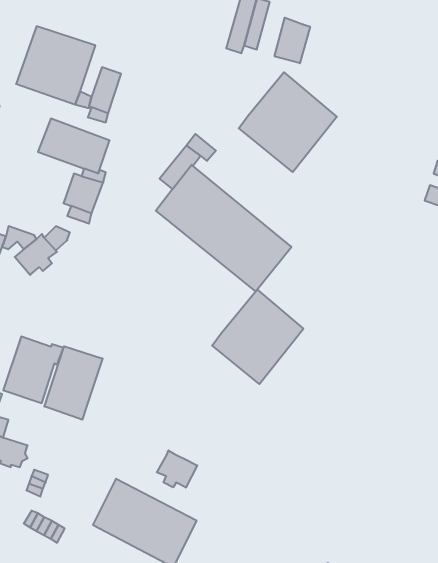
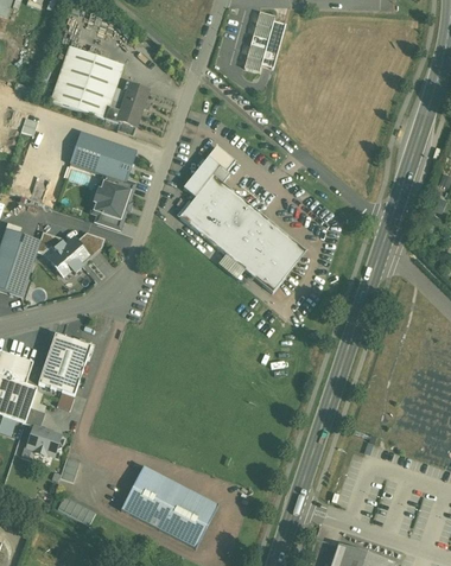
building: [275,18,310,63] -> none
building: [239,72,337,172] -> none
building: [212,290,303,384] -> none
building: [44,346,103,420] -> none
building: [157,450,197,488] -> none

